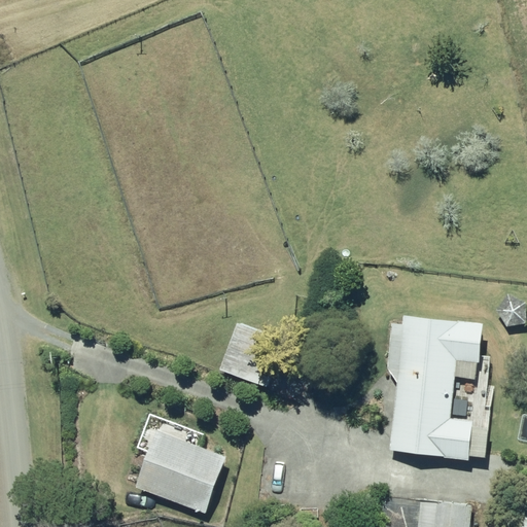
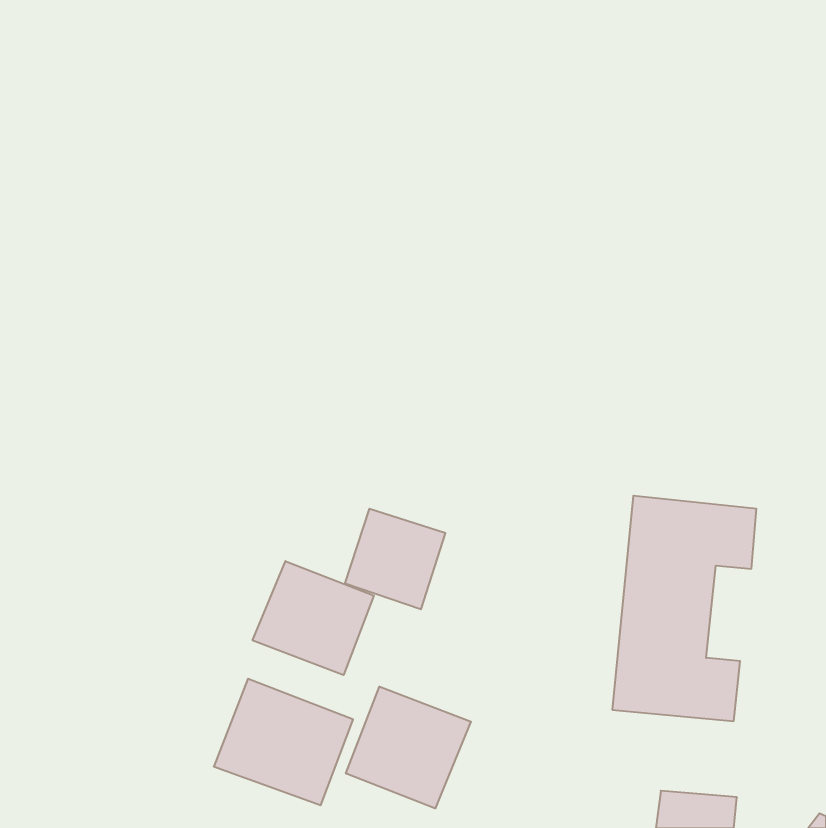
building: none -> [253,561,374,675]
building: none -> [346,687,471,808]

